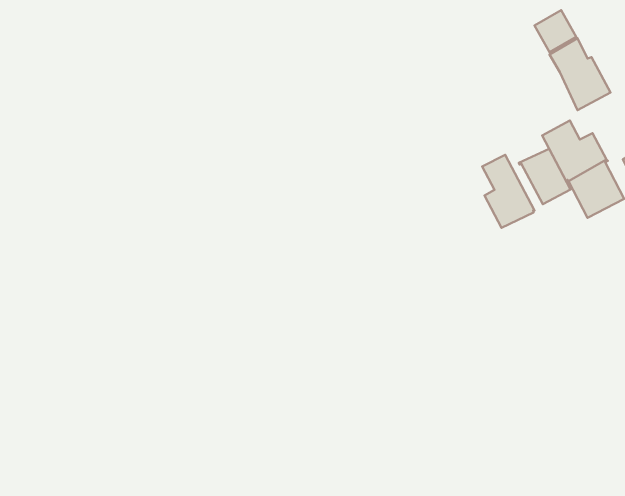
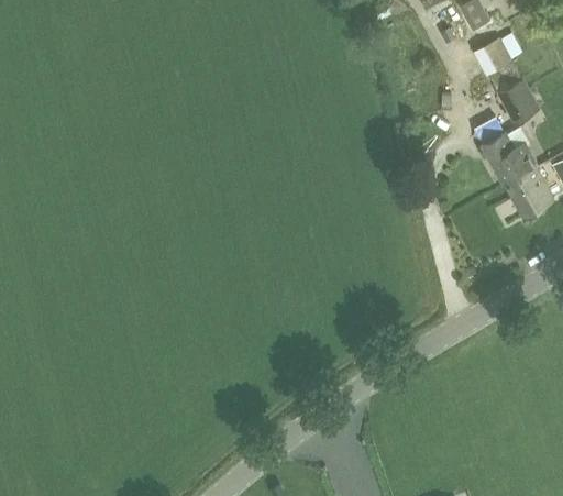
building: [519,149,570,204] -> none
building: [482,155,535,228] -> none

